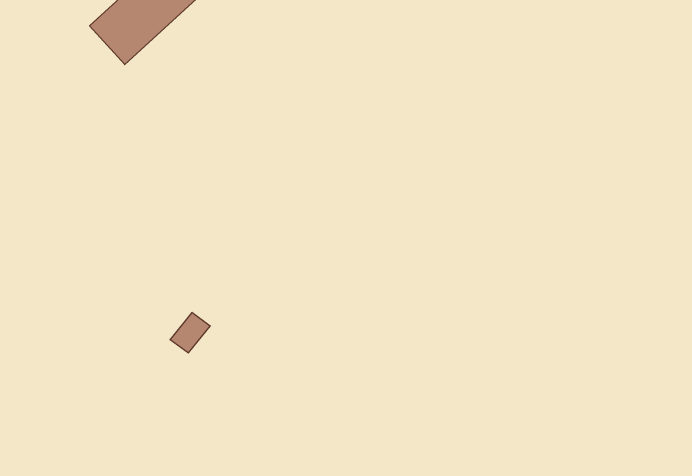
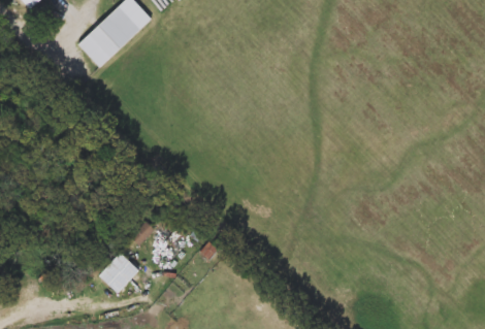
building: none -> [94,252,138,296]

